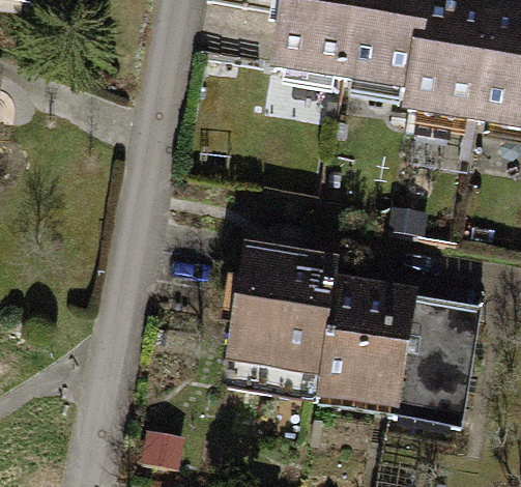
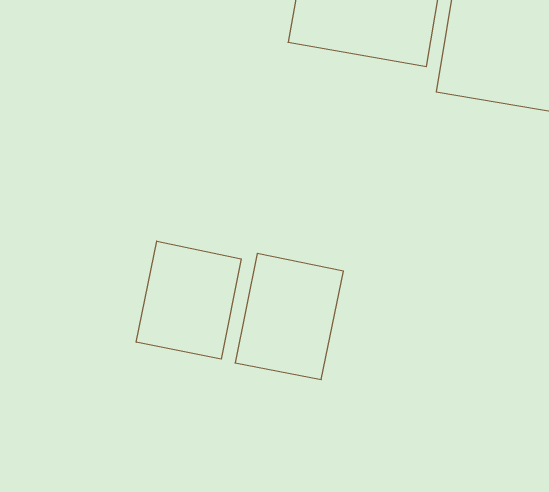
building: none -> [136,241,241,359]
building: [316,282,477,419] -> none

